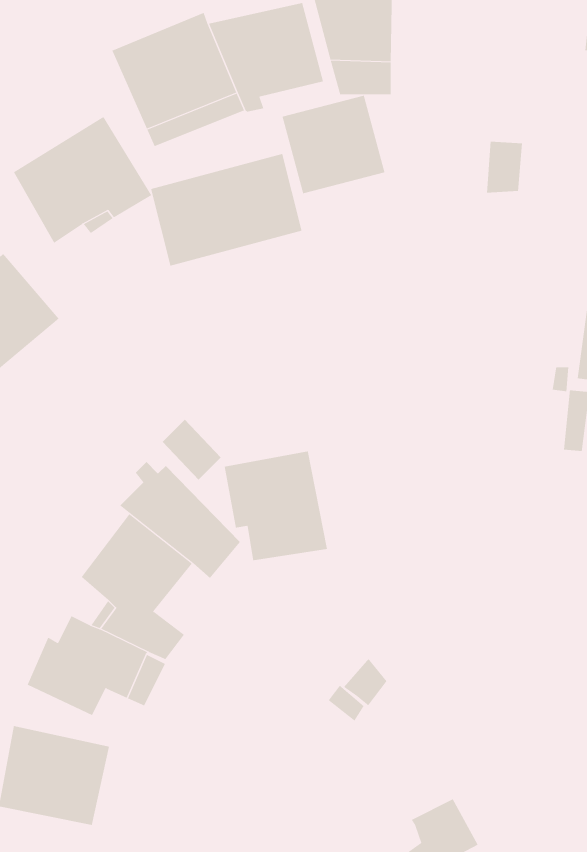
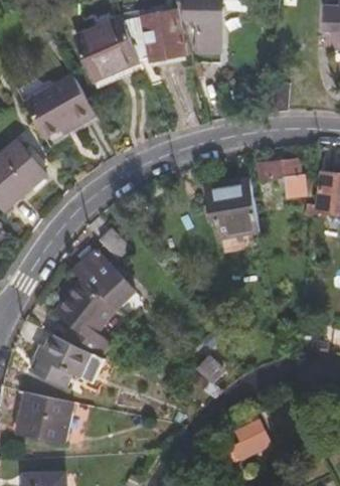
building: [282,95,385,194] -> none
building: [151,153,302,267] -> none
building: none -> [262,161,307,200]
building: [224,451,328,561] -> [205,174,260,231]

